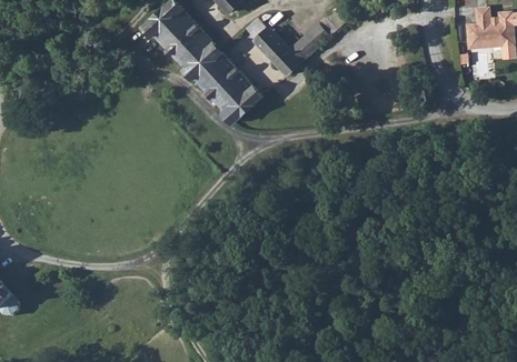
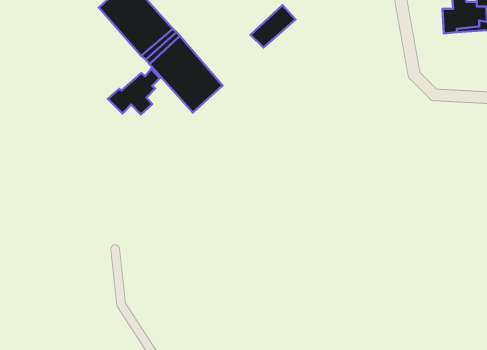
building: [252,28,298,74] -> none
building: none -> [108,69,160,114]

